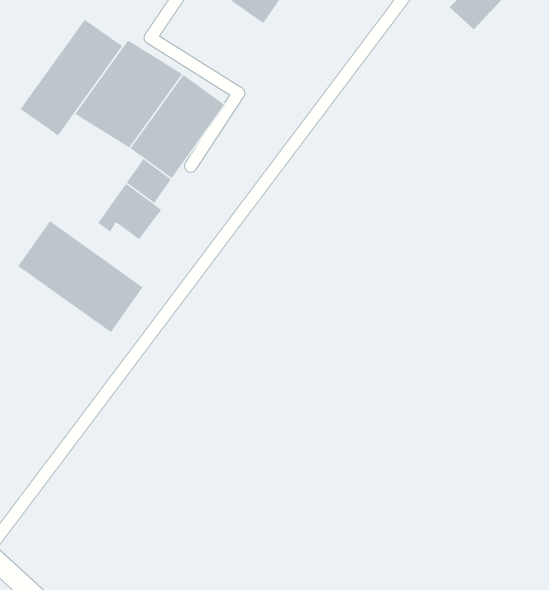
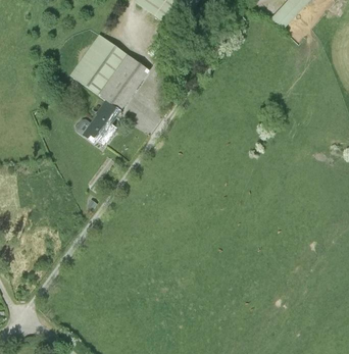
building: [20,19,123,136] -> none
building: [17,220,143,333] -> none

